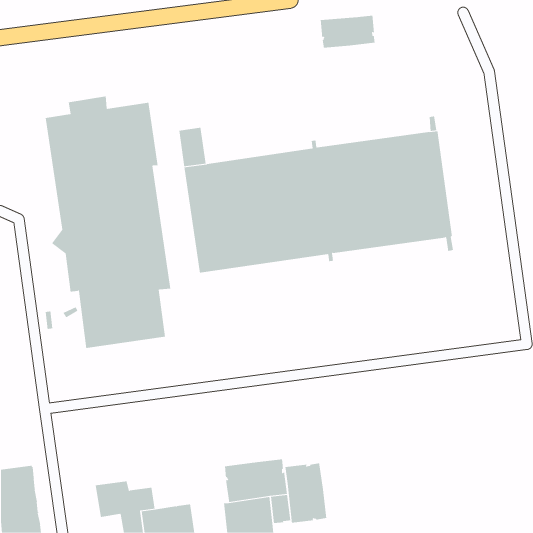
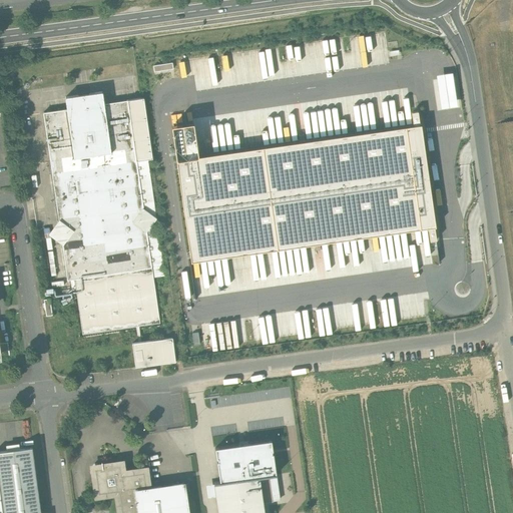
building: [320,15,375,48] -> none
building: none -> [132,338,176,367]
building: [285,463,327,524] -> none

